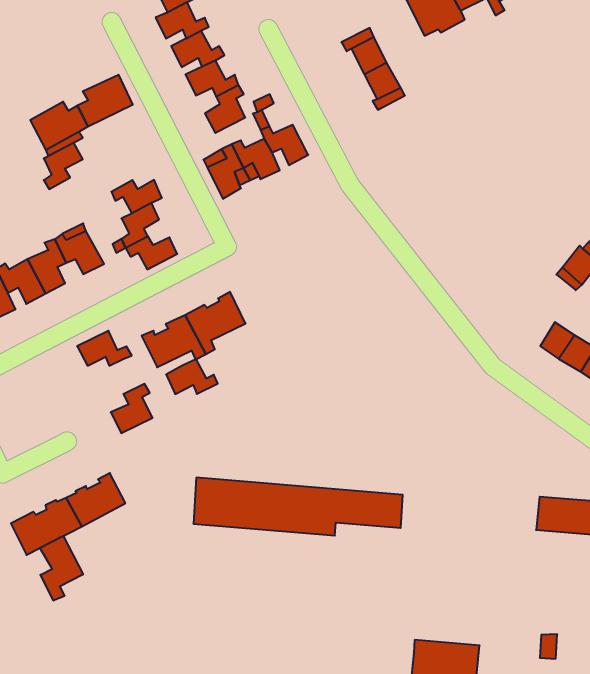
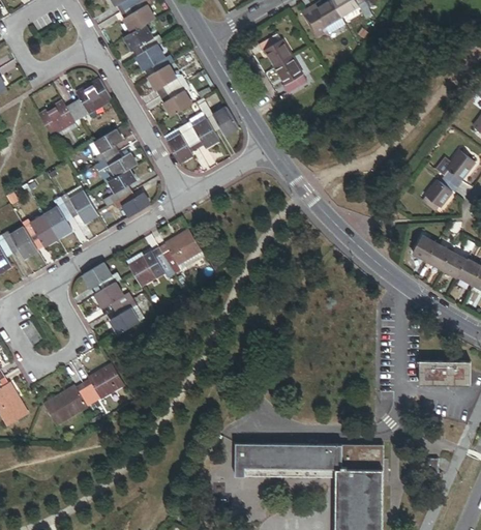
building: [44,143,83,189] -> [95,128,123,163]
building: [166,359,218,394] -> [95,282,132,307]
building: [193,478,403,536] -> [235,443,383,478]
building: [40,536,83,601] -> none

